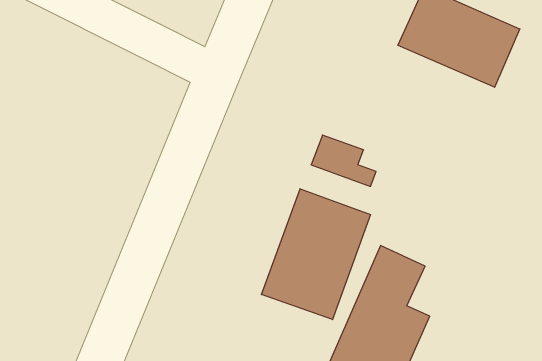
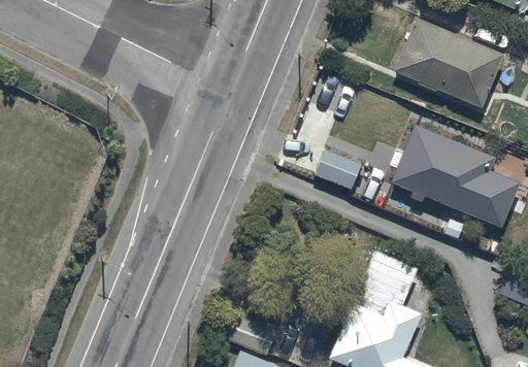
building: none -> [393,125,520,227]
building: [261,189,370,320] -> none

